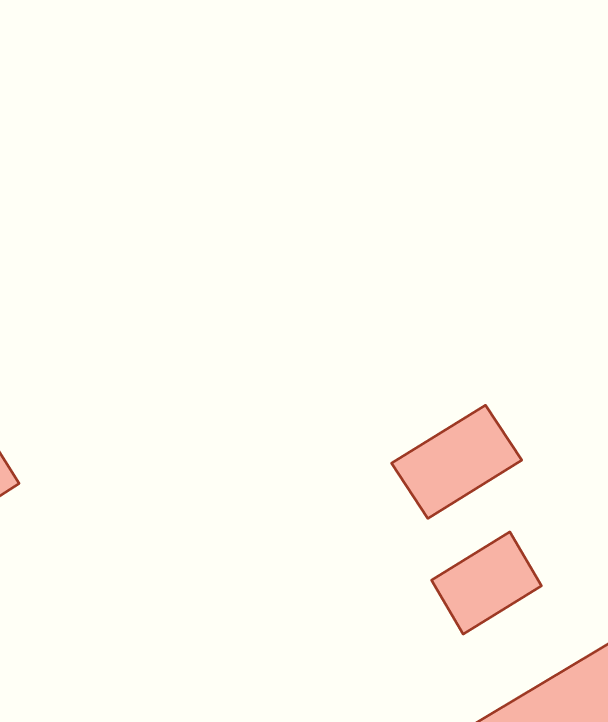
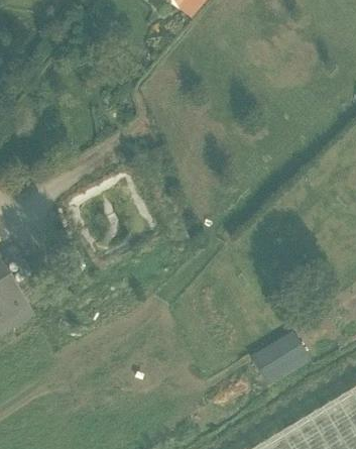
building: [392,405,522,518] -> none

